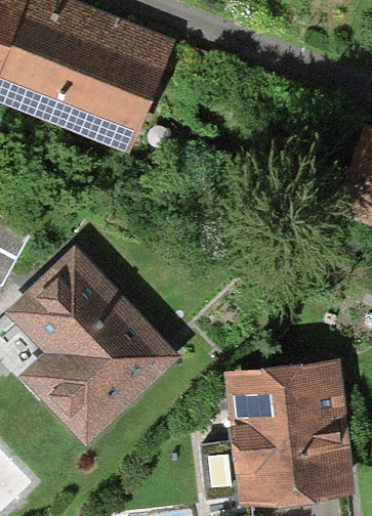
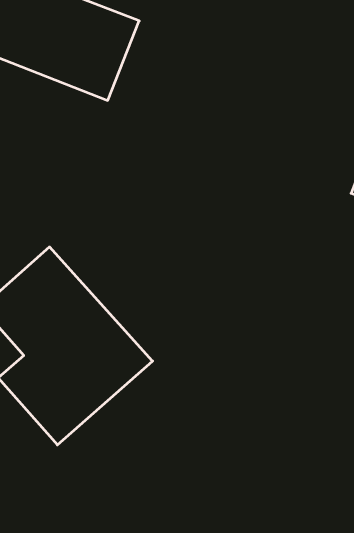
building: [233,363,344,489] -> none

